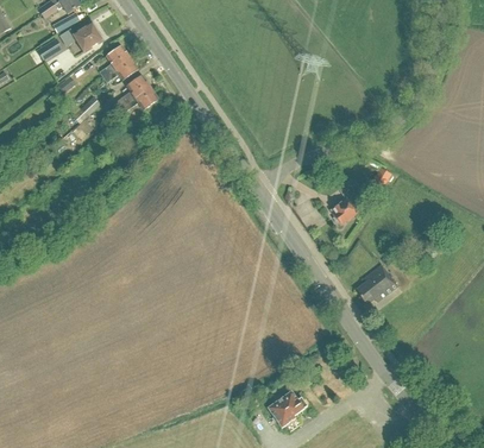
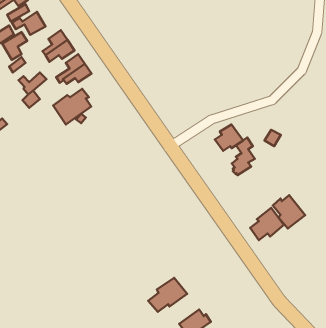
building: none -> [53,89,91,124]
building: none -> [215,125,243,151]
building: none -> [273,195,305,228]
building: none -> [148,278,187,312]

